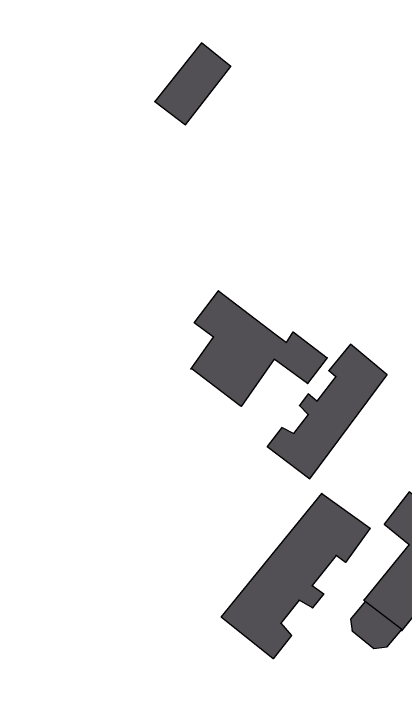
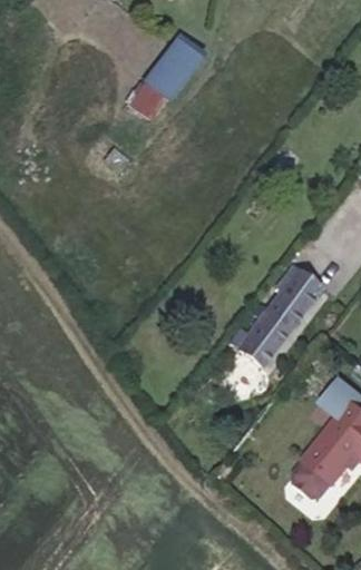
building: [191,291,327,406] -> none
building: [221,493,370,659] -> none

